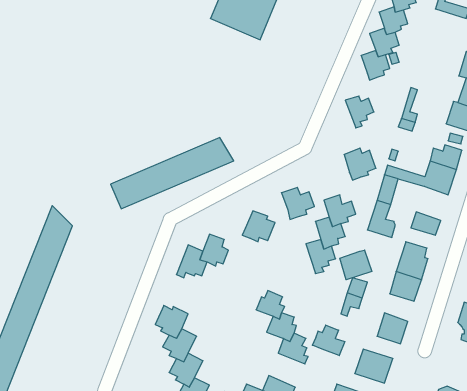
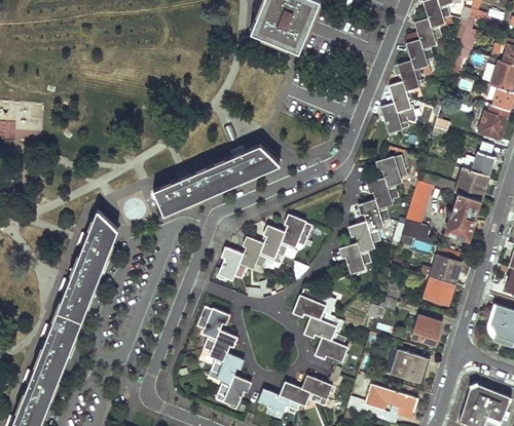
building: none -> [388,83,416,110]
building: none -> [449,192,480,225]
building: [281,187,314,219] -> [369,179,401,209]
building: none -> [261,227,289,257]
building: [340,250,372,280] -> none
building: [312,325,345,356] -> none

